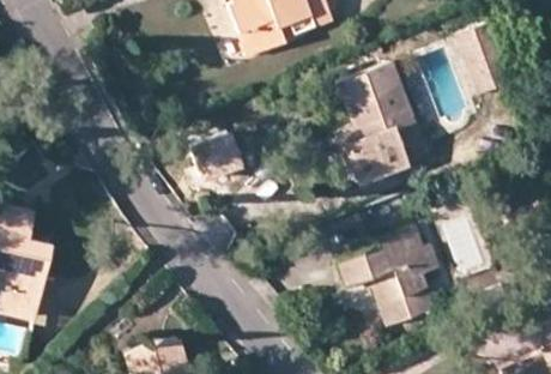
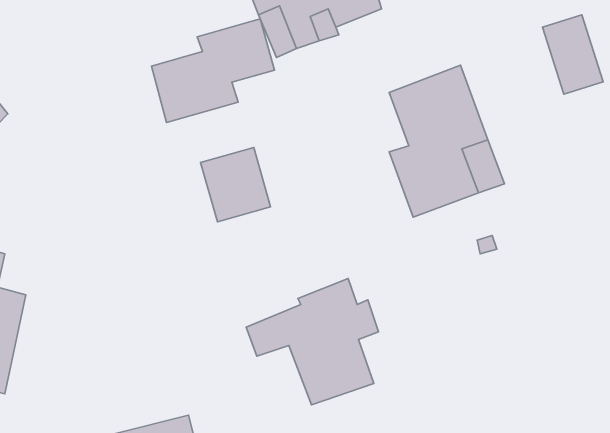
building: none -> [151,19,275,122]
building: [335,227,440,326] -> [246,279,378,405]

